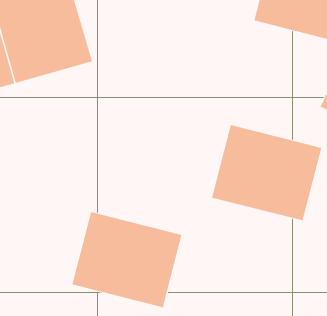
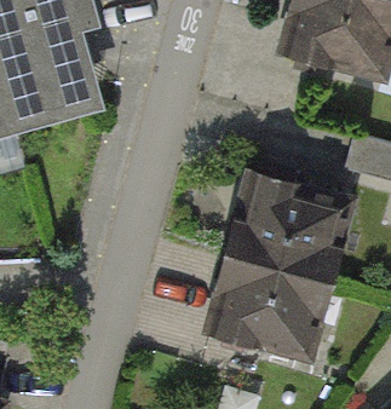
building: [72,212,182,308] -> [213,257,334,362]

